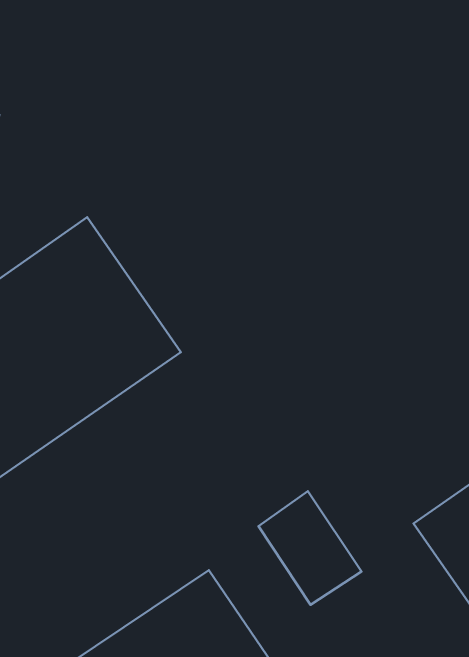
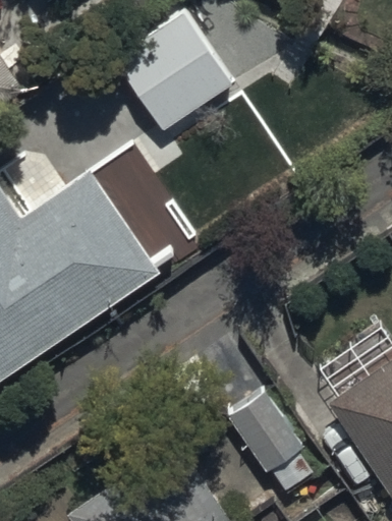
building: none -> [115,11,227,124]

